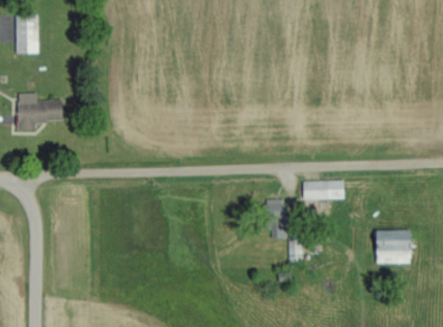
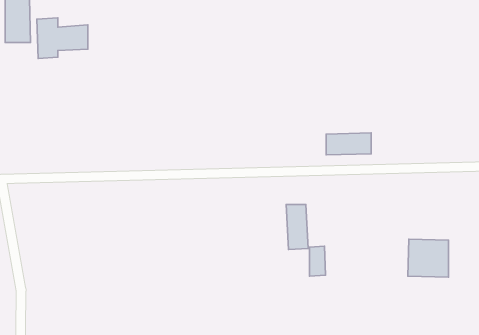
building: [17,92,62,129] -> [37,18,88,58]
building: [303,180,343,199] -> [326,133,371,155]

